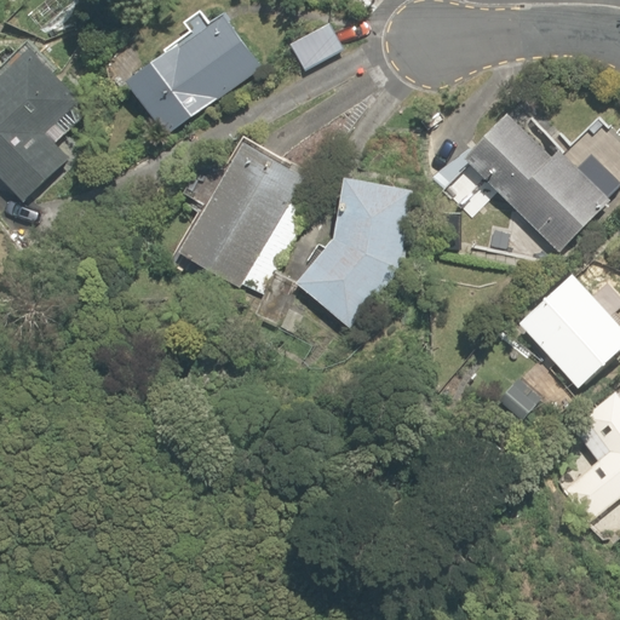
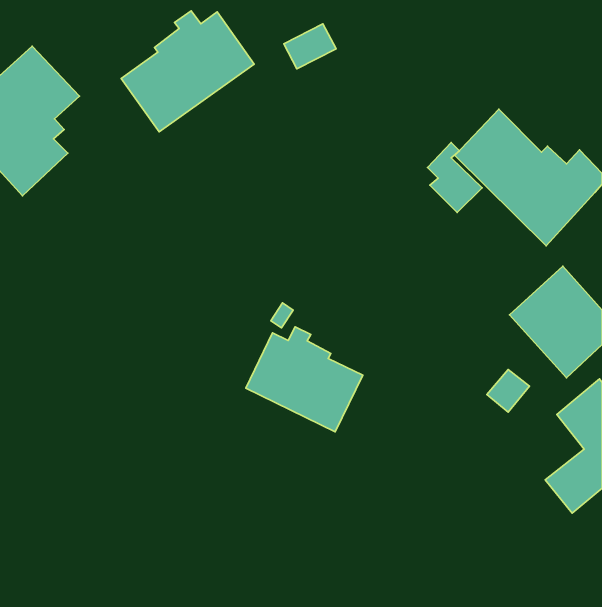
building: [180,142,309,293] -> none
building: [295,177,413,326] -> none
building: none -> [246,327,363,432]

